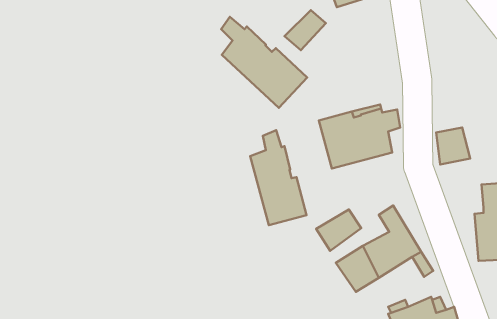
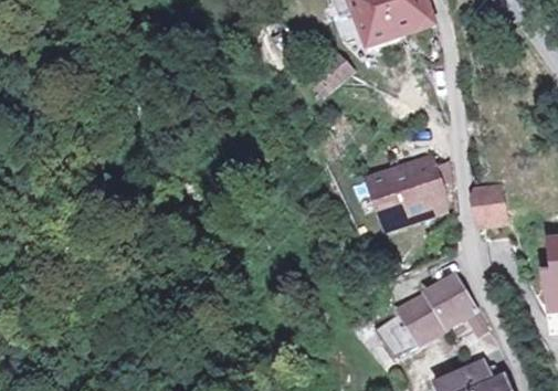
building: [221,17,307,108] -> none
building: [250,130,307,225] -> none
building: [316,210,361,251] -> none

